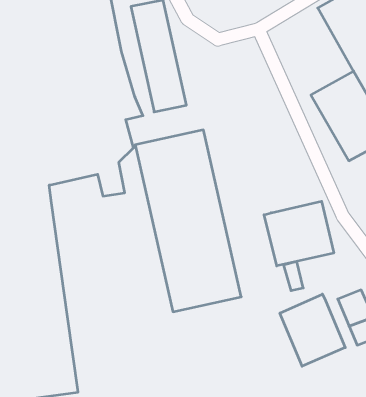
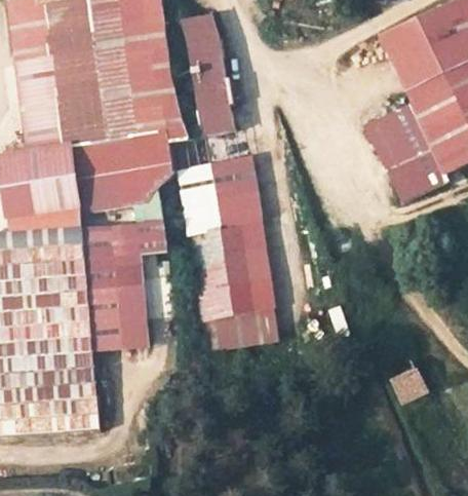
building: none -> [83,220,164,348]
building: [264,201,334,266] -> none
building: [280,294,345,366] -> none

